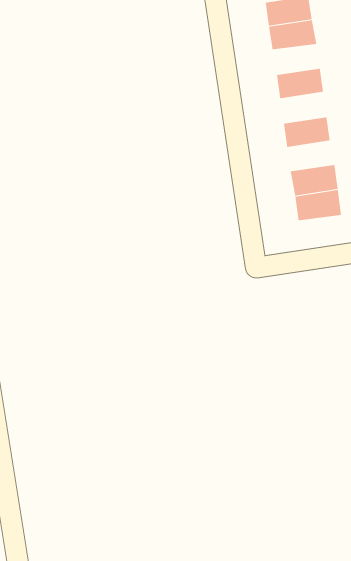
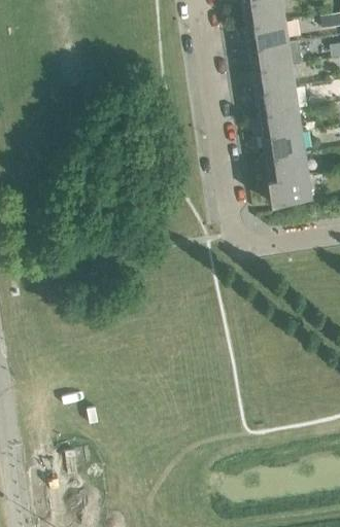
building: none -> [247,41,300,71]
building: none -> [254,86,298,115]
building: none -> [261,131,305,159]

